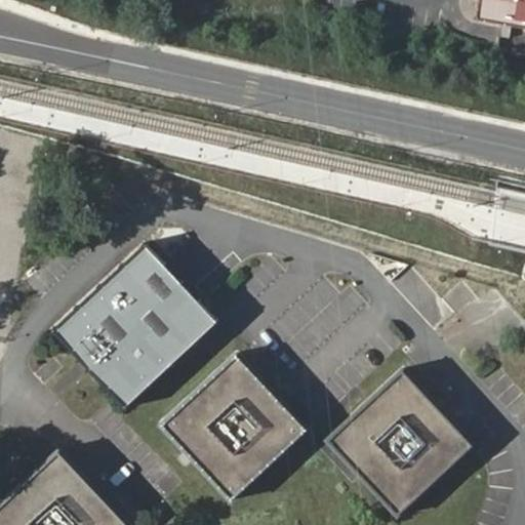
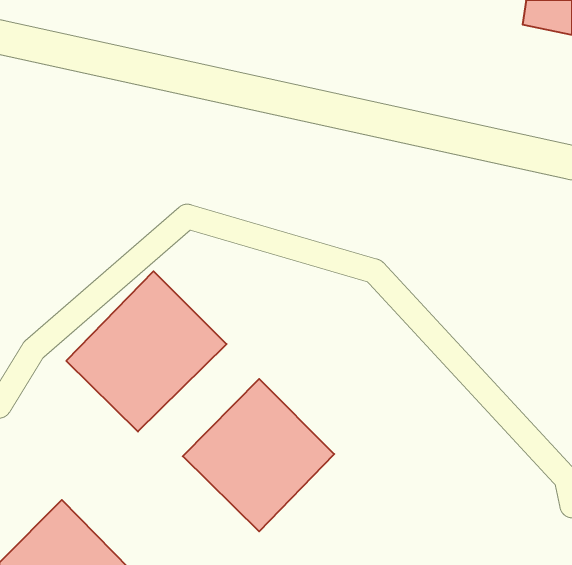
building: [336,374,471,508] -> none

